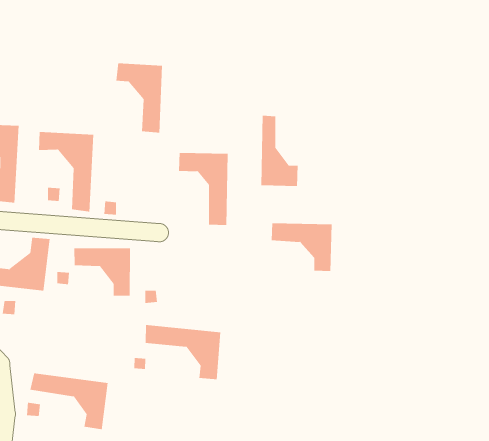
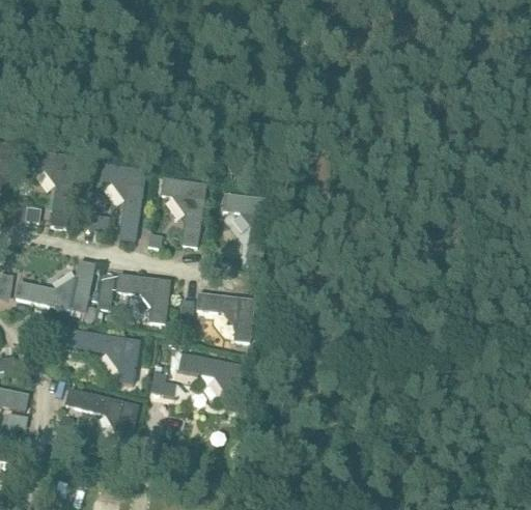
building: [116,63,163,133] -> [160,177,205,247]
building: [261,115,298,187] -> none
building: [271,223,333,272] -> [195,291,254,342]
building: none -> [66,329,138,381]

